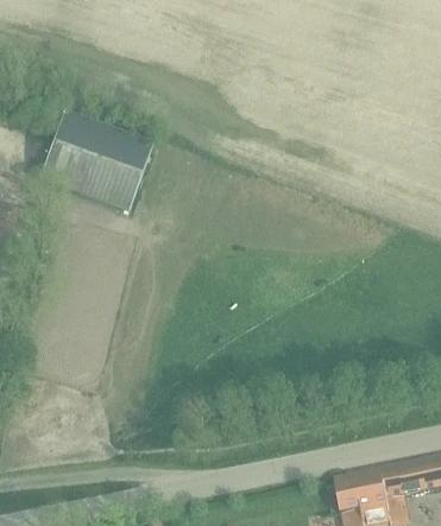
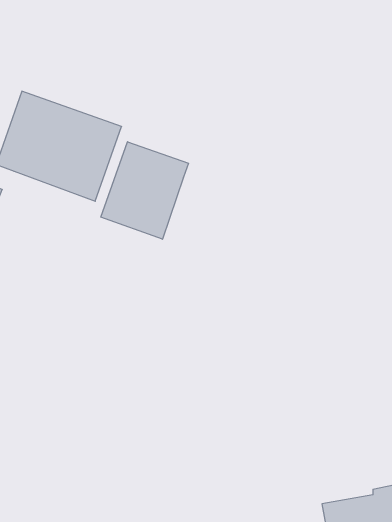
building: none -> [101,142,188,239]

